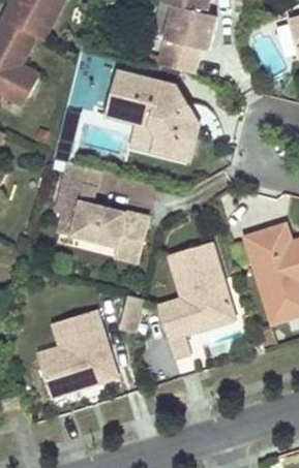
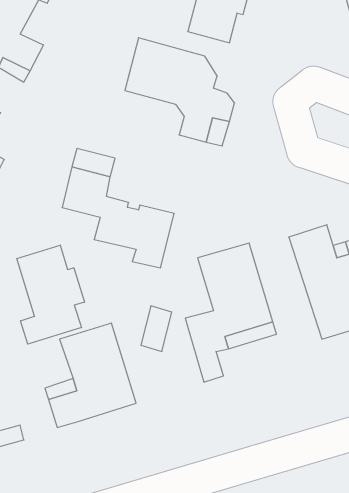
building: none -> [17,245,85,344]

